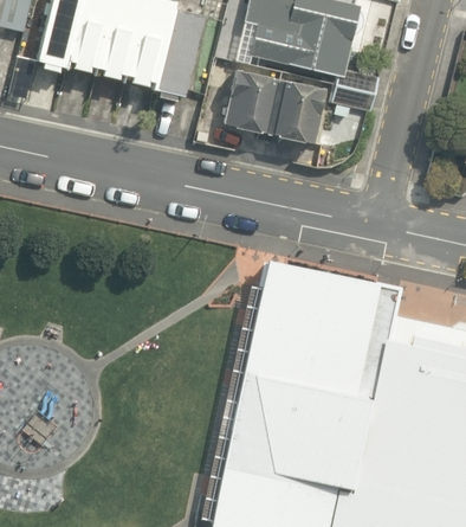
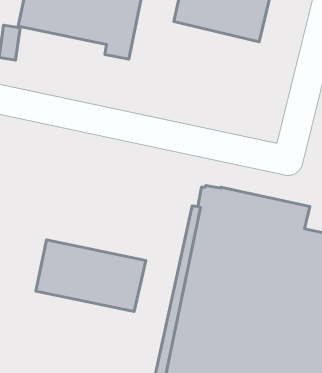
building: [201,63,323,147] -> none
building: none -> [36,240,146,311]

